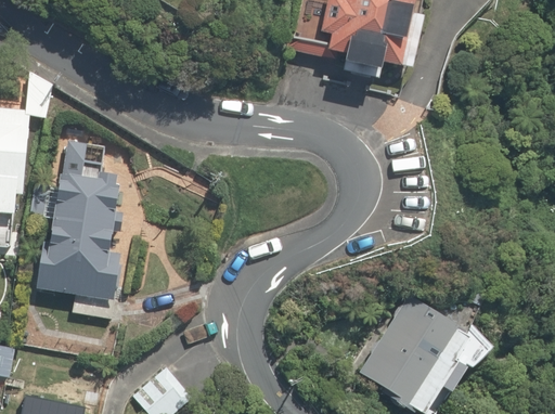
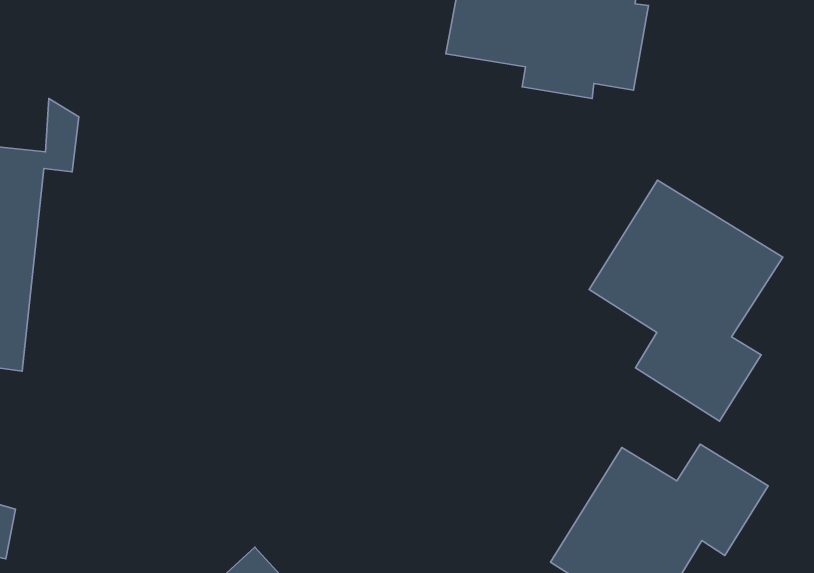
building: none -> [589,180,783,421]
building: [33,138,117,300] -> none

